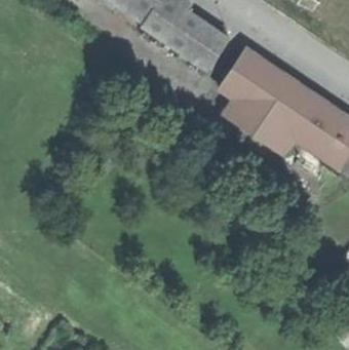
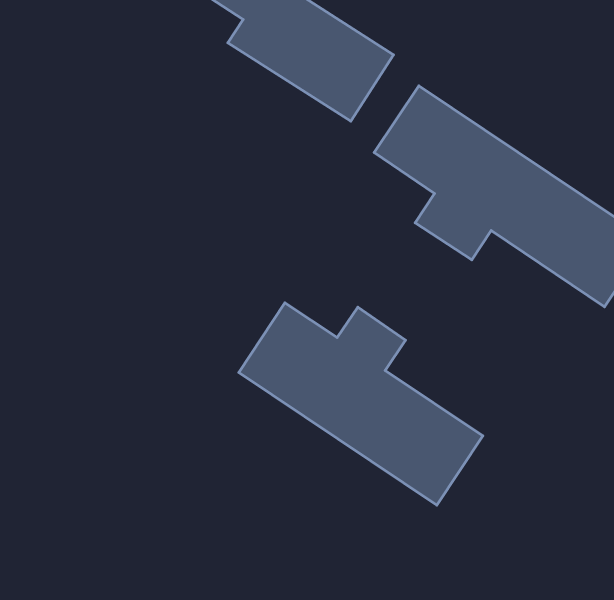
building: none -> [239,303,483,505]

